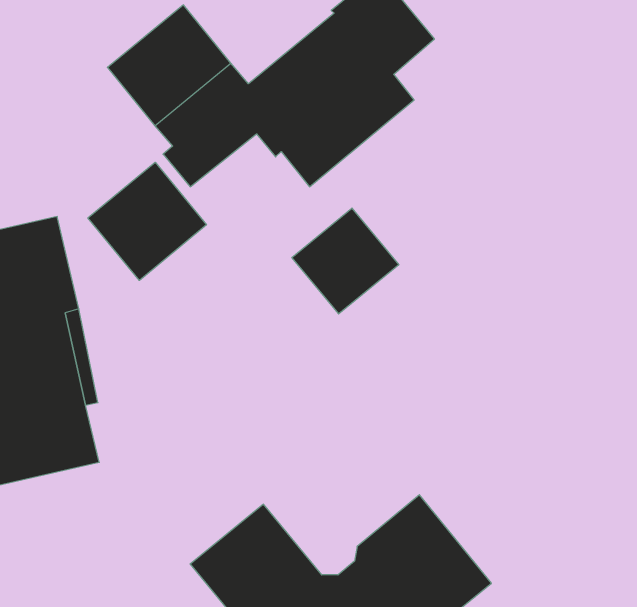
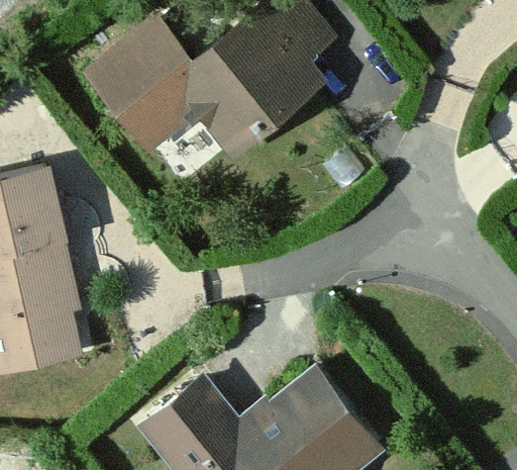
building: [88,162,206,280] -> none
building: [292,208,399,314] -> none

